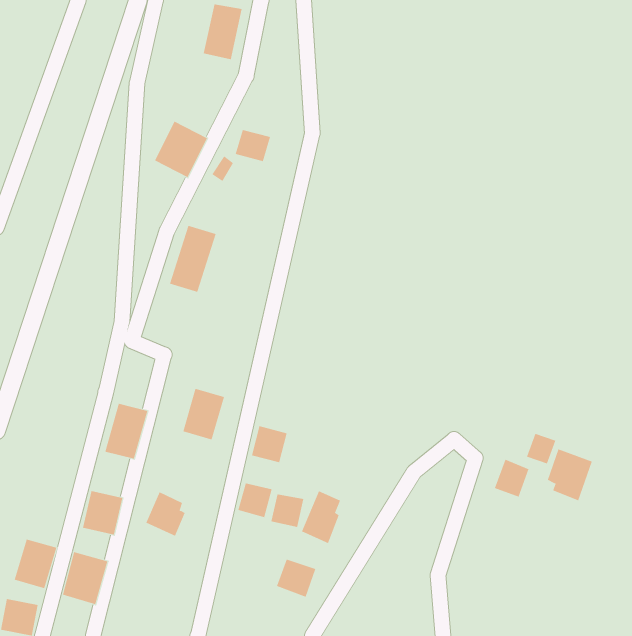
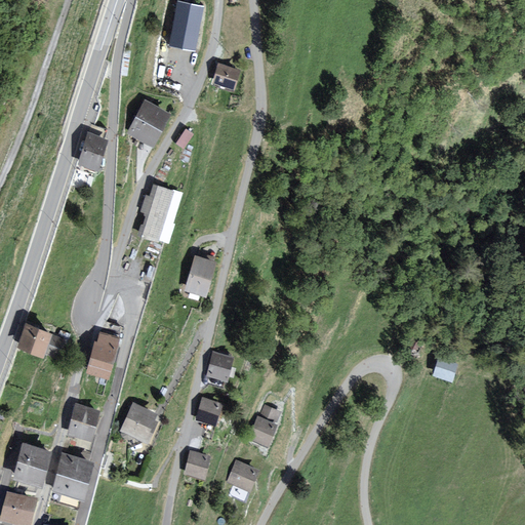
building: [235,129,271,162] -> [212,64,242,90]
building: none -> [77,135,104,168]
building: [182,388,225,440] -> [185,254,219,297]
building: none -> [19,322,55,355]
building: [547,449,593,501] -> none
building: [494,459,529,497] -> none
building: [270,494,304,528] -> [186,452,213,480]

